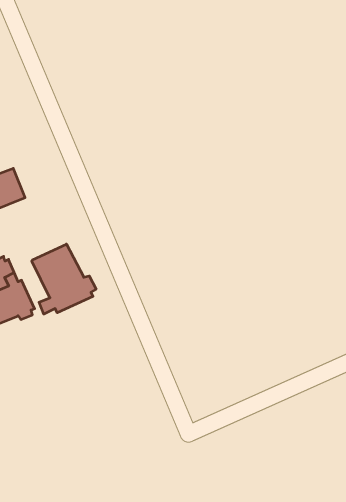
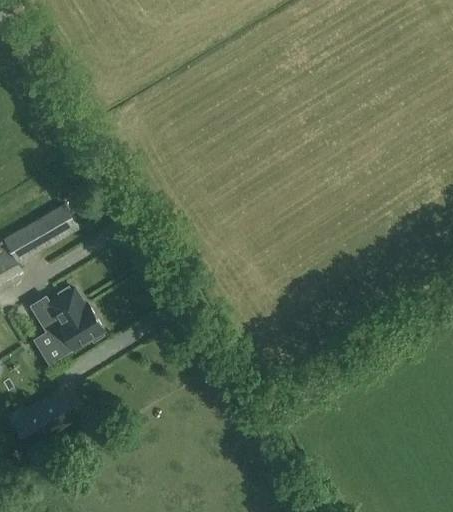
building: [32,244,96,314] -> none

